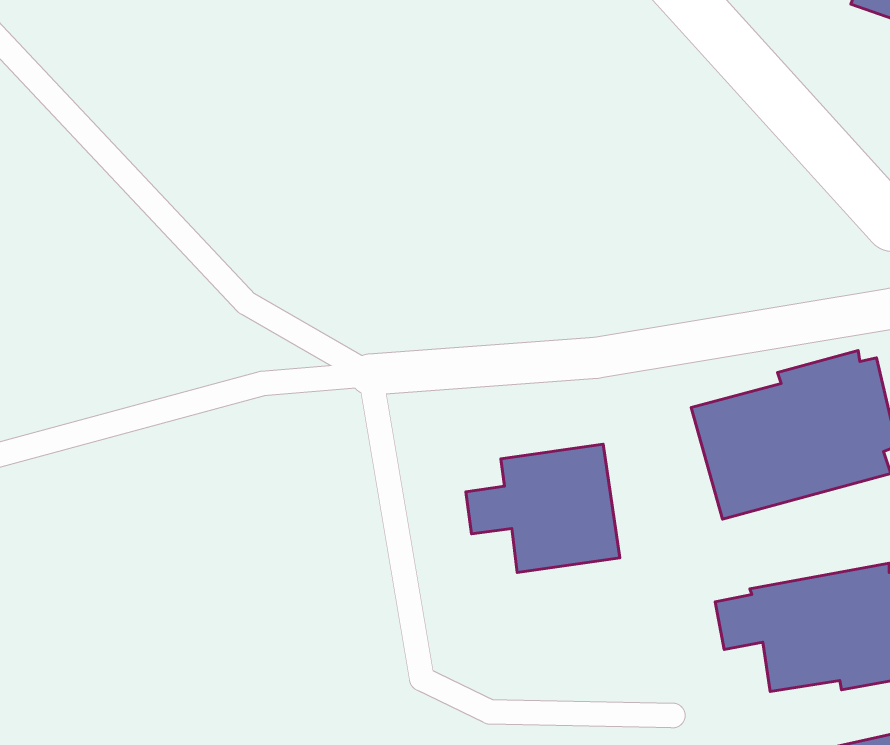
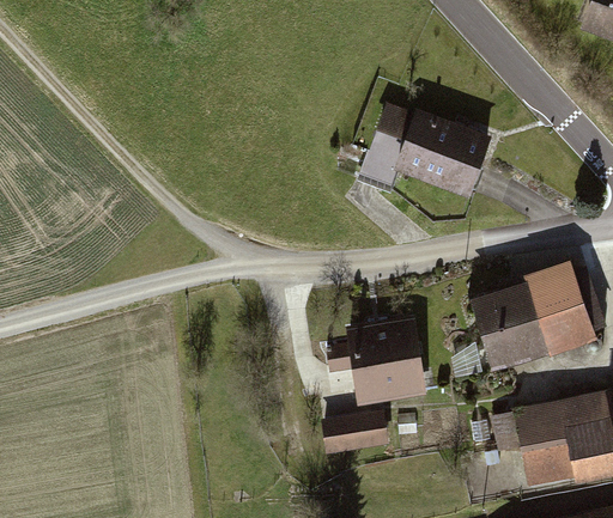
building: none -> [360,104,493,194]
building: none -> [323,412,390,458]

